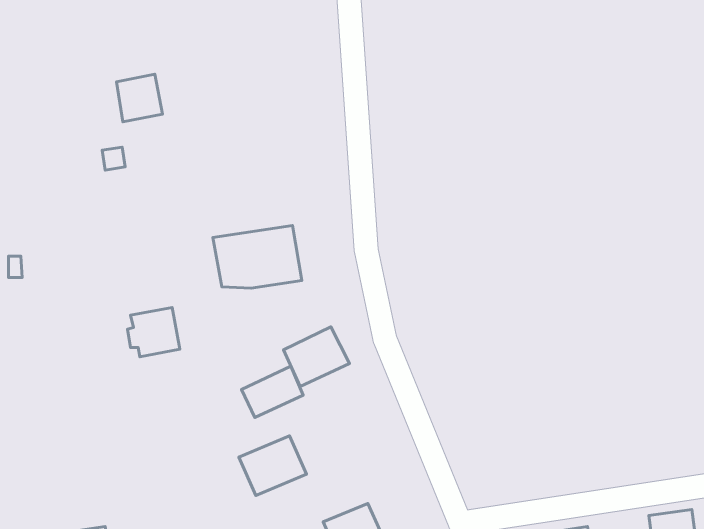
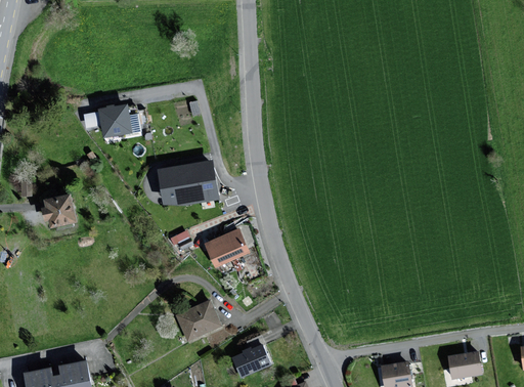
building: [117,74,163,122] -> [99,104,130,136]
building: [128,308,180,357] -> [41,194,76,226]
building: [241,366,303,417] -> none

